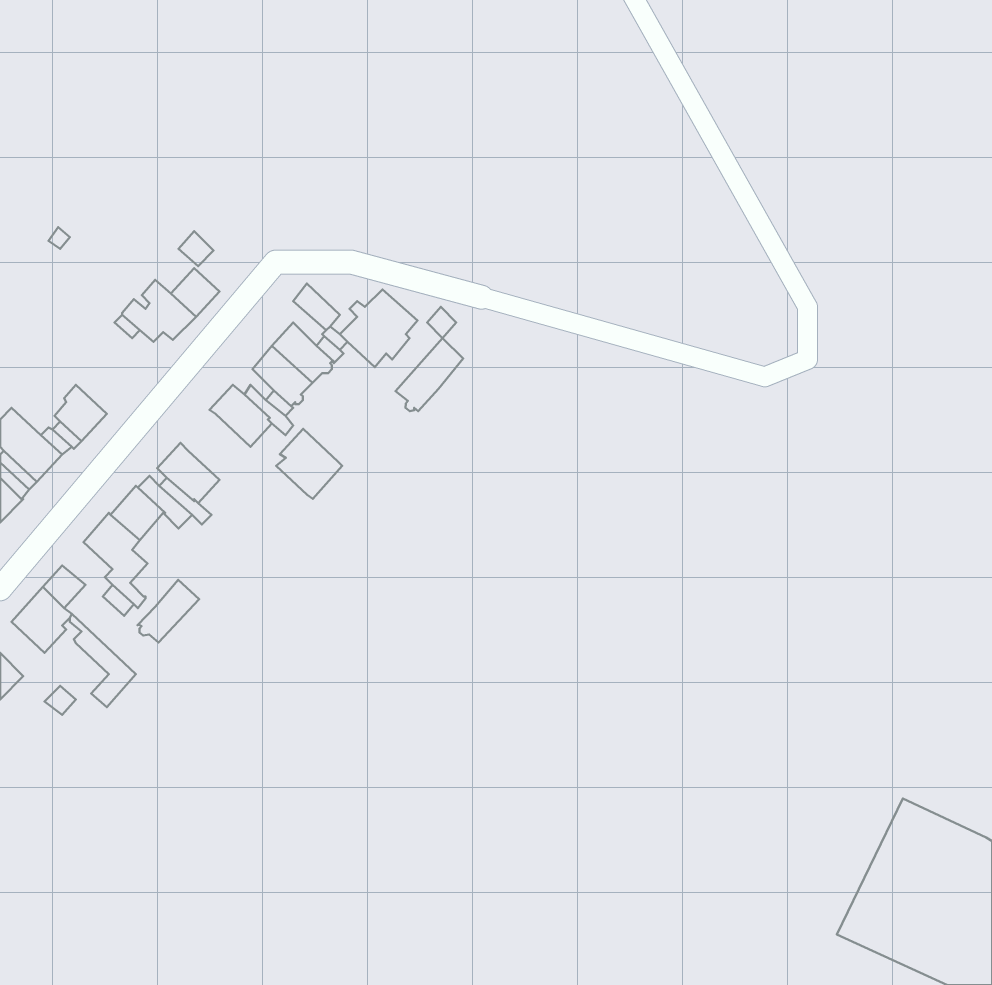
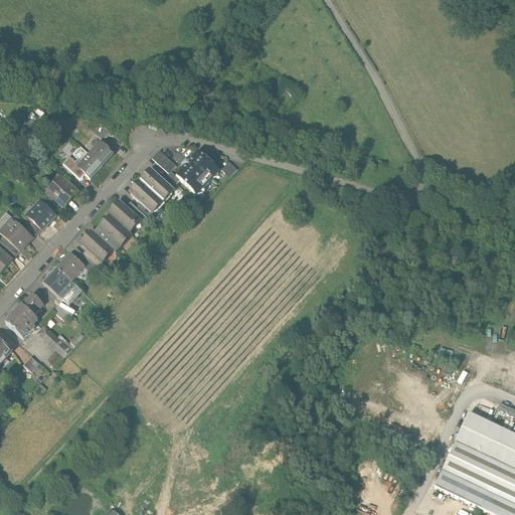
building: none -> [46,175,77,205]
building: [395,338,463,411] -> none
building: [276,429,342,499] -> [98,214,132,250]
building: [138,580,199,642] -> none

